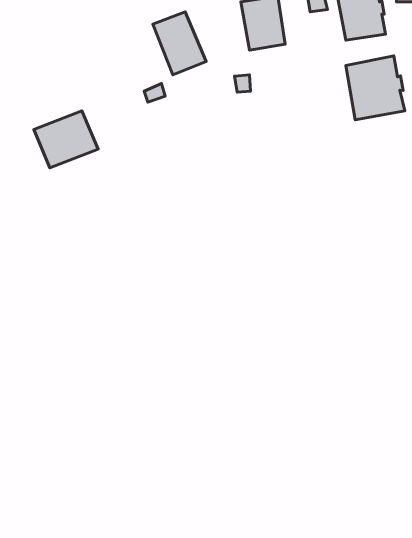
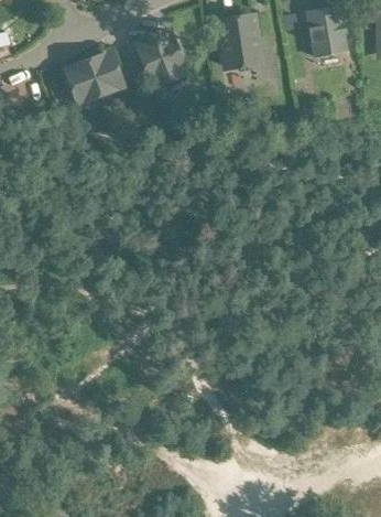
building: [346,56,405,120] -> none
building: [34,111,98,168] -> [69,52,127,103]

